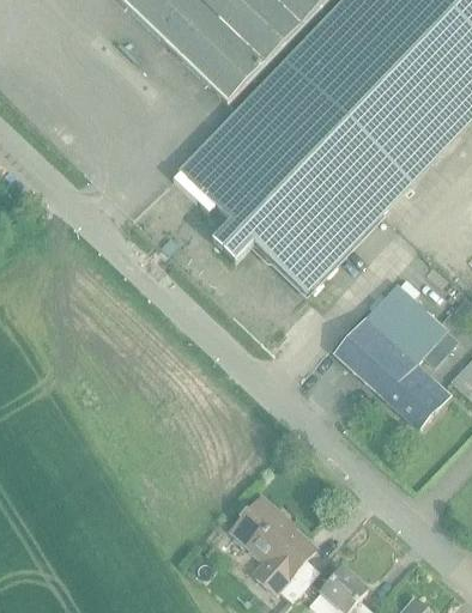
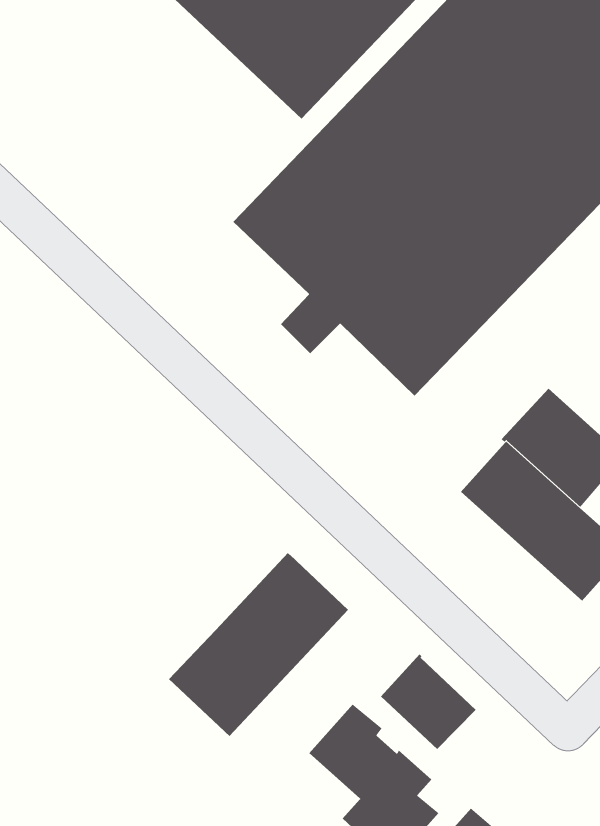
building: none -> [168,552,349,737]
building: none -> [380,653,477,750]

